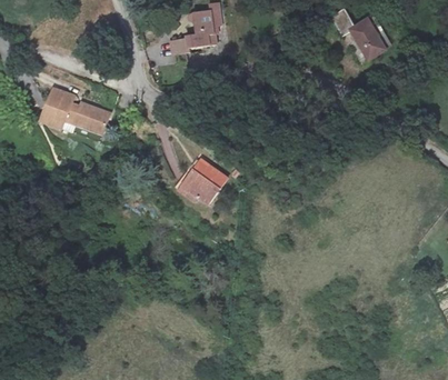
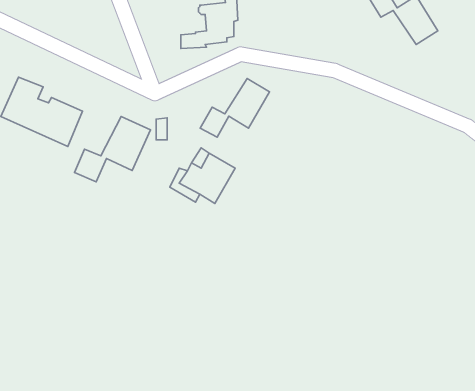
building: none -> [200,79,270,137]
building: none -> [74,117,150,182]

